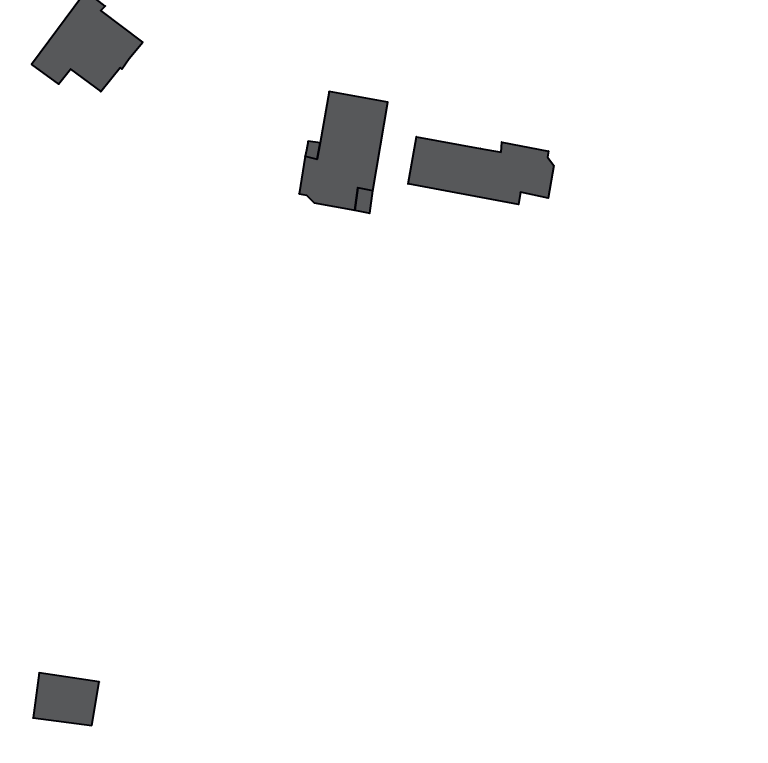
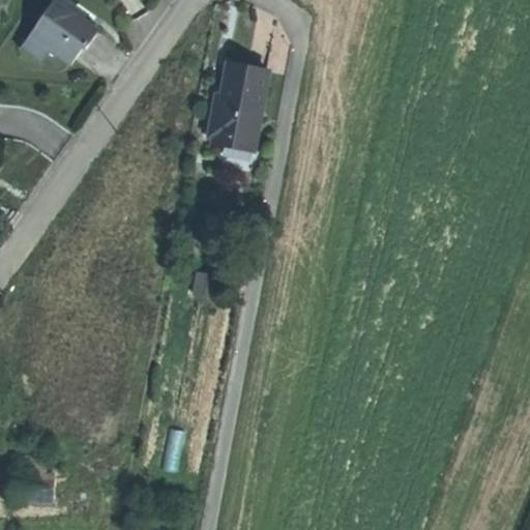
building: [408,137,554,204] -> none

